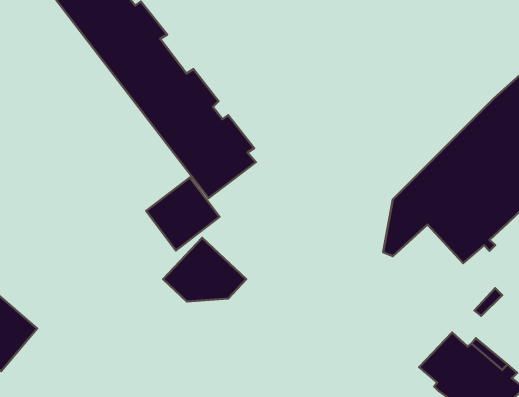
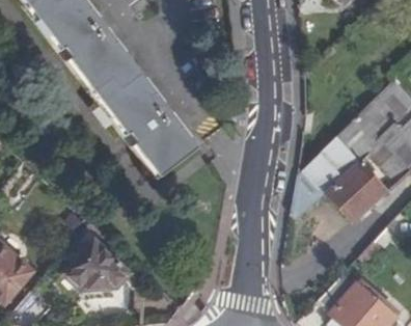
building: [146,177,219,250] -> none
building: [163,238,246,301] -> [64,242,127,290]

